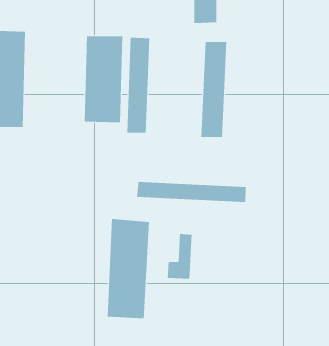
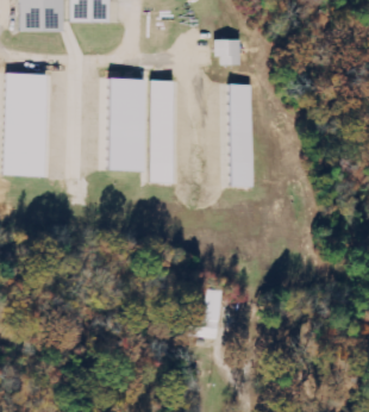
building: [137,181,246,203] -> none
building: [107,218,150,319] -> none

